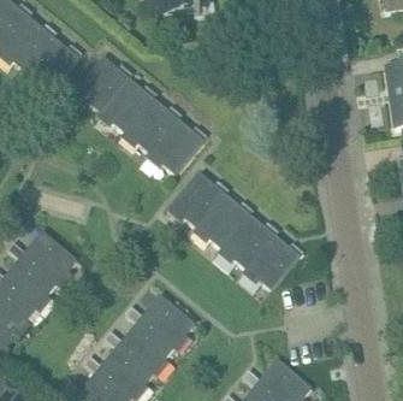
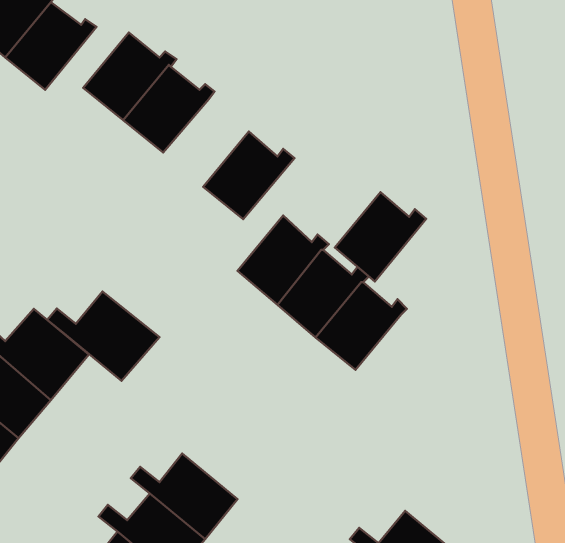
building: [125,98,183,153] -> none
building: [247,234,304,290] -> [335,192,426,282]
building: [125,294,196,350] -> [47,291,159,381]

